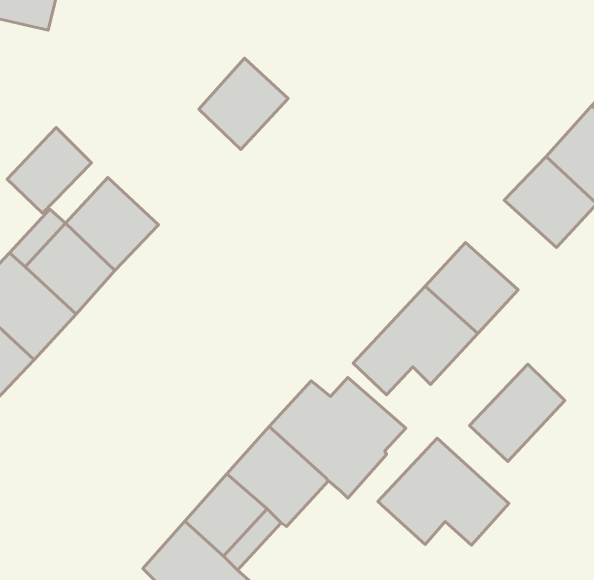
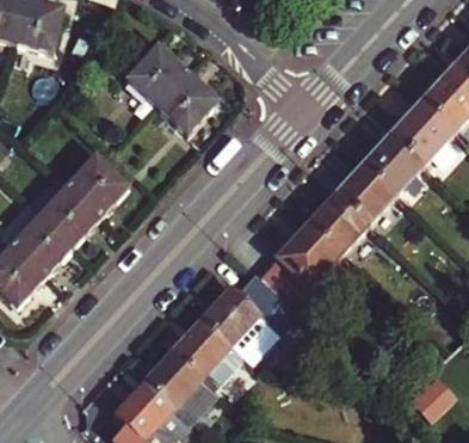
building: none -> [122,41,184,104]
building: [7,127,91,213] -> none
building: none -> [334,166,396,227]
building: [469,364,565,461] -> none
building: [378,438,509,545] -> none

